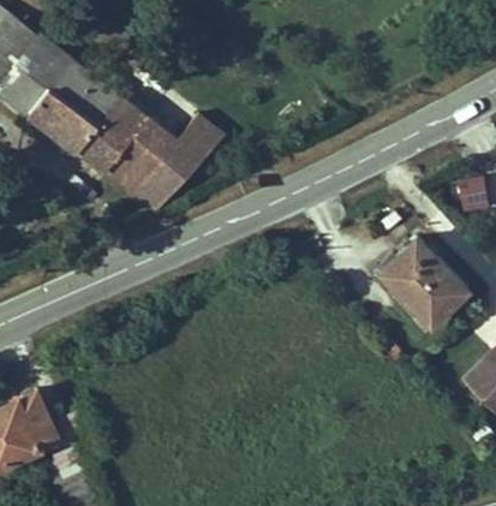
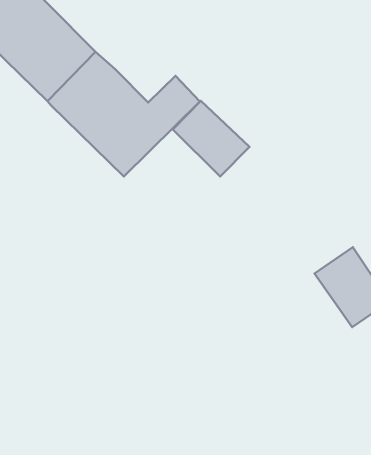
building: none -> [173,101,249,177]

